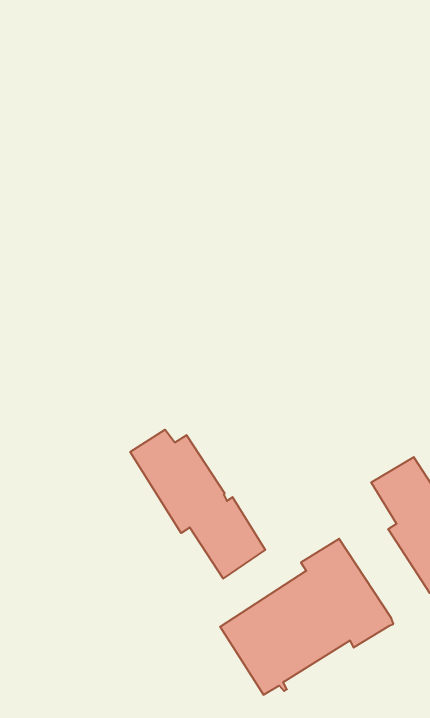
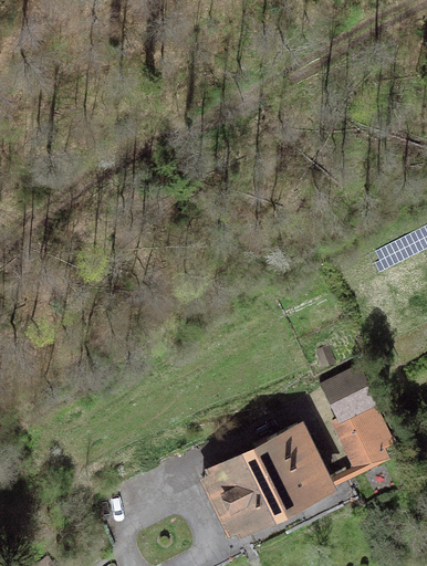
building: [130,430,265,579] -> none

